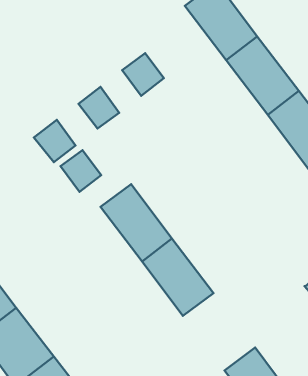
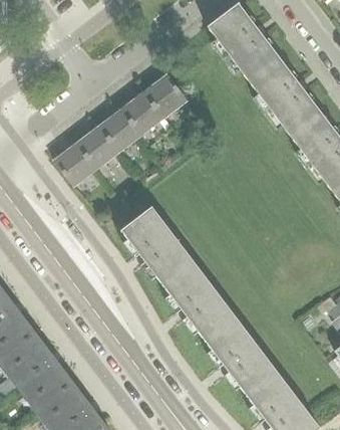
building: none -> [121,91,162,135]
building: [61,150,101,192] -> [77,126,118,168]
building: none -> [205,317,278,396]

